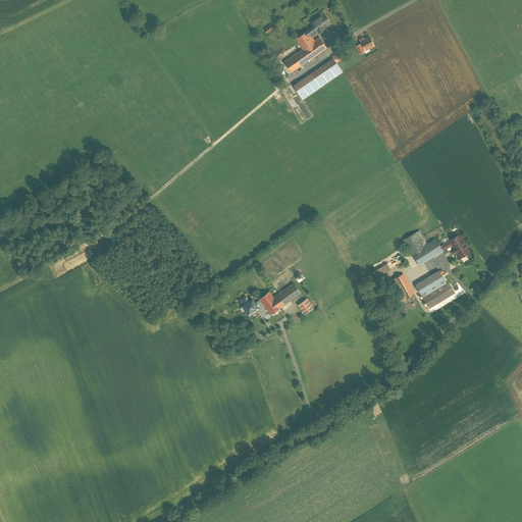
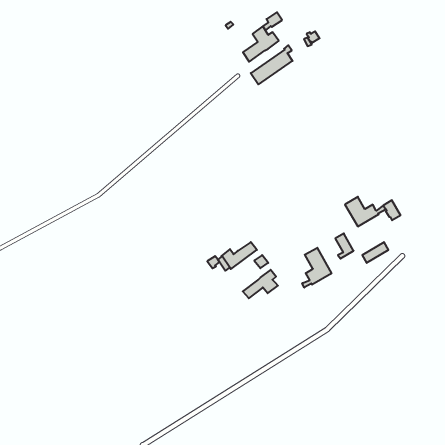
building: [415,270,448,299] -> none
building: none -> [302,248,331,288]
building: none -> [243,270,278,298]

